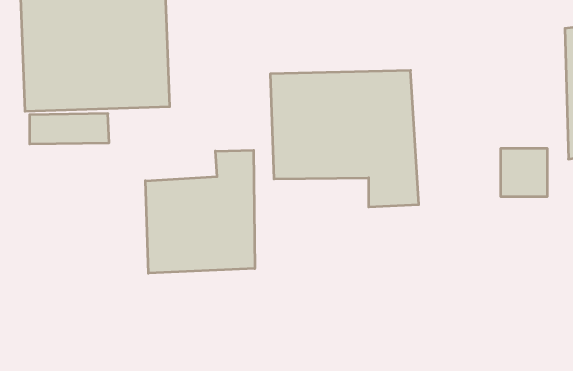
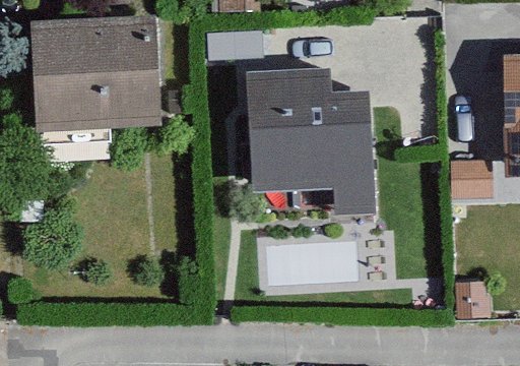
building: [145,150,255,273] -> none

